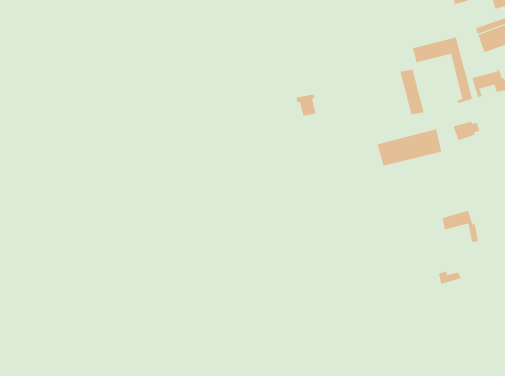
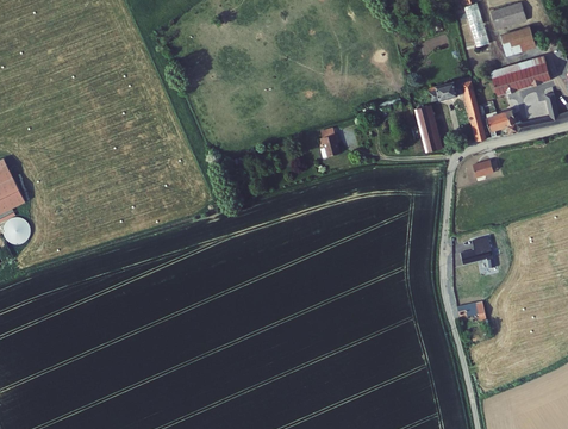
building: [377,128,442,167] -> none

